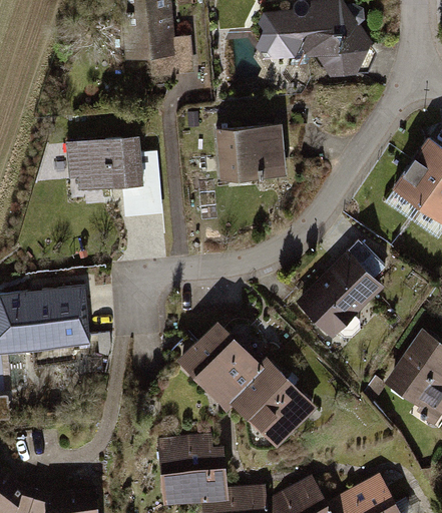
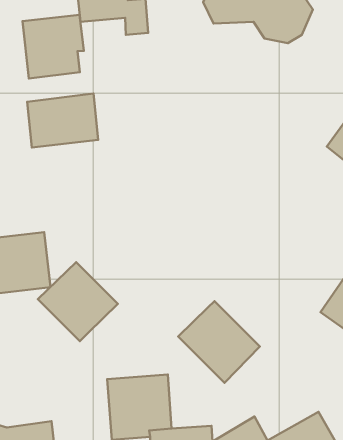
building: none -> [22,15,84,78]
building: [215,126,285,182] -> none
building: [293,250,381,339] -> none
building: [175,321,262,406] -> [38,262,118,341]

